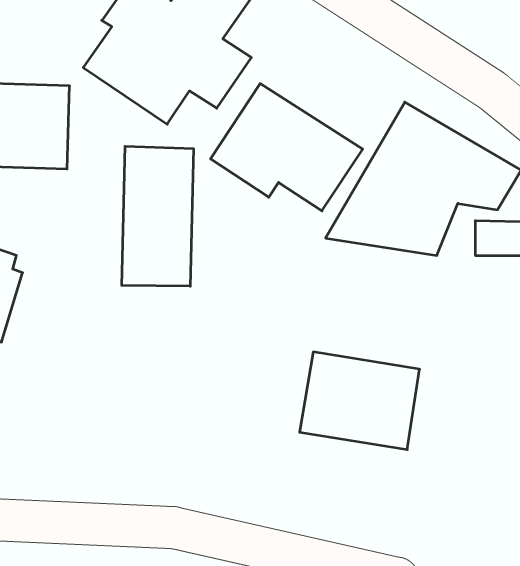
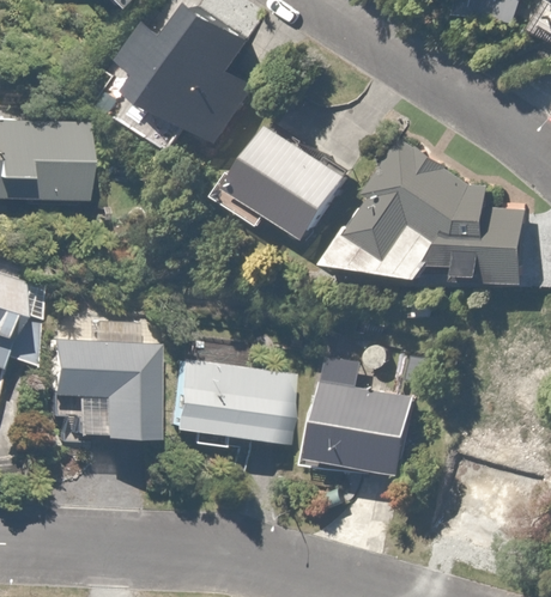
building: [122,146,193,286] -> none
building: none -> [41,321,146,439]
building: none -> [153,355,285,447]

